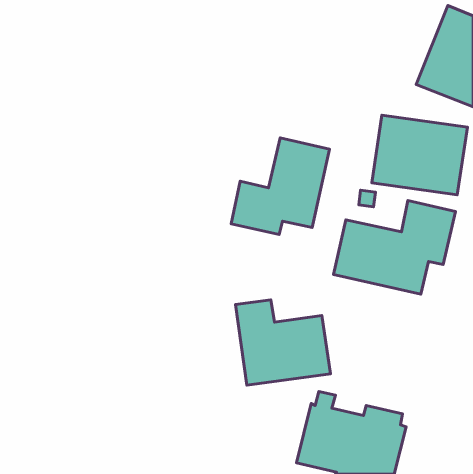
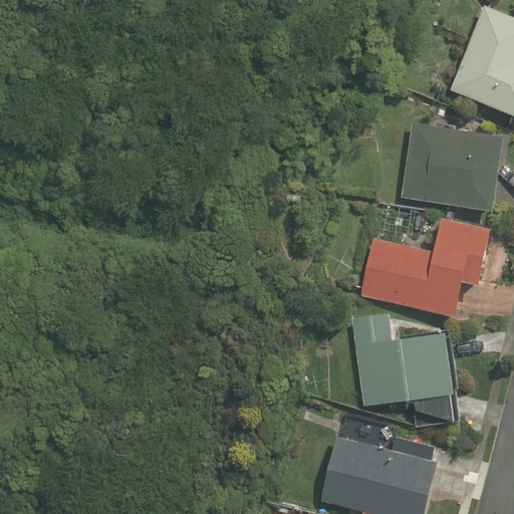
building: [231,138,330,234] -> none
building: [236,300,330,385] -> [351,315,454,408]

